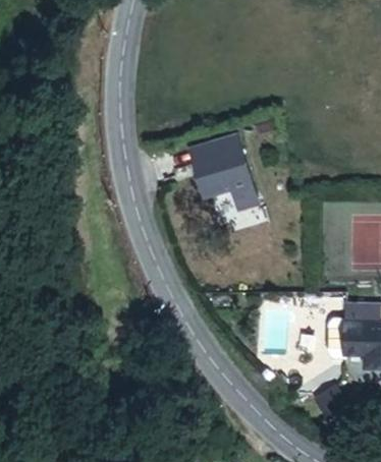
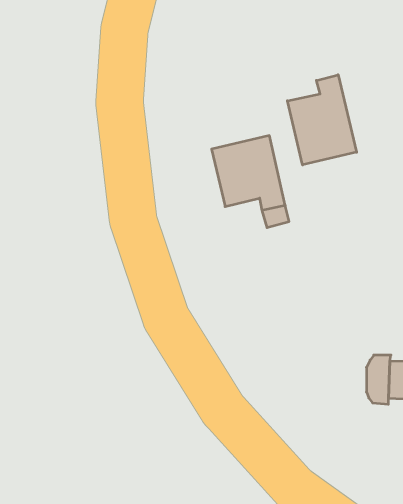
building: none -> [287,75,357,165]

